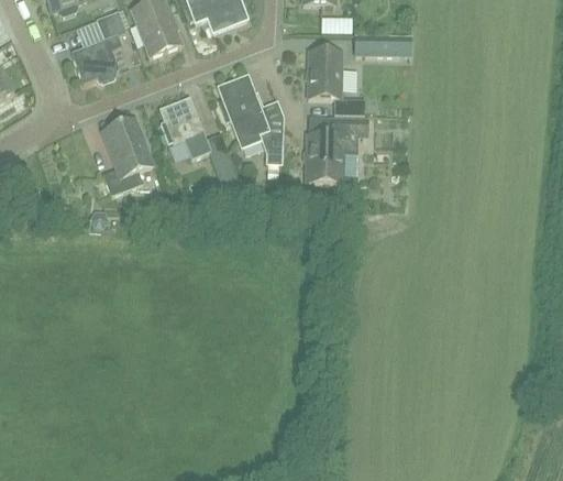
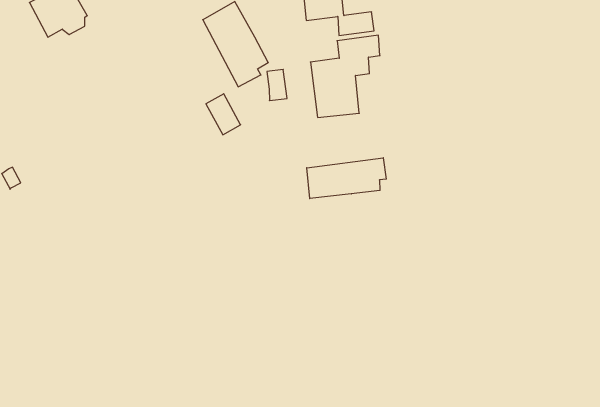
building: [159,95,211,154] -> none
building: [102,118,153,194] -> none
building: none -> [307,158,386,199]

